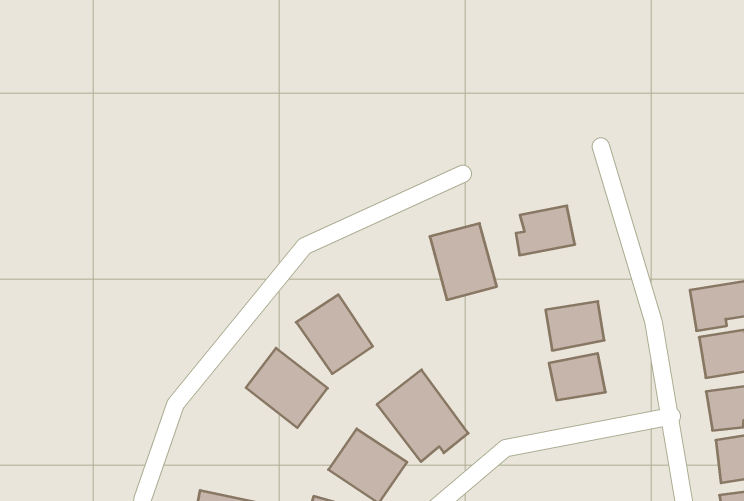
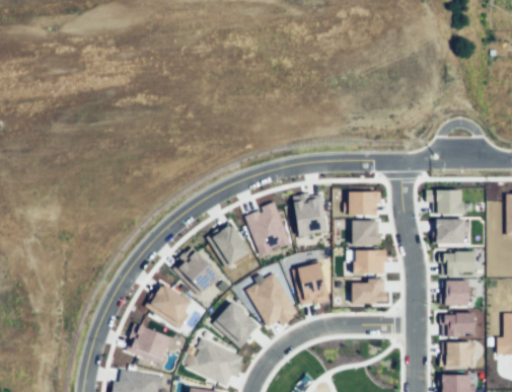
building: none -> [427,190,463,215]
building: none -> [433,219,466,244]
building: none -> [245,204,291,255]
building: none -> [353,220,377,246]
building: none -> [293,262,331,307]
building: none -> [146,282,193,326]

